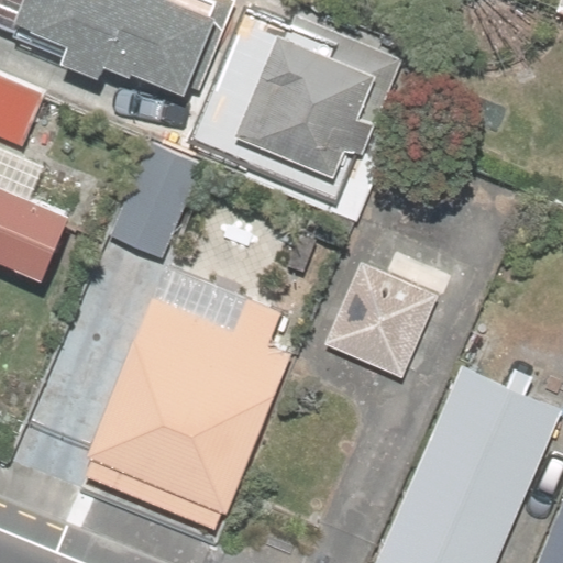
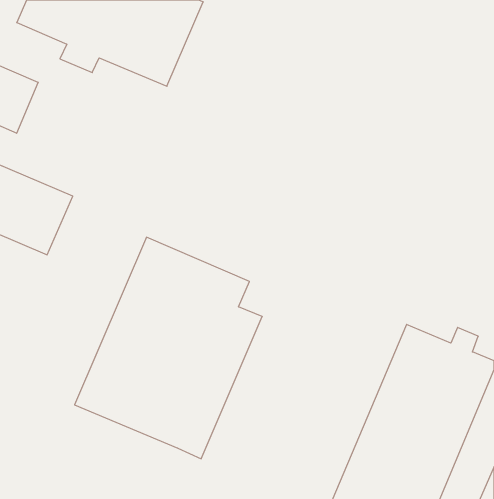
building: [232,15,397,200] -> none
building: [102,140,200,262] -> none
building: [323,253,443,378] -> none

